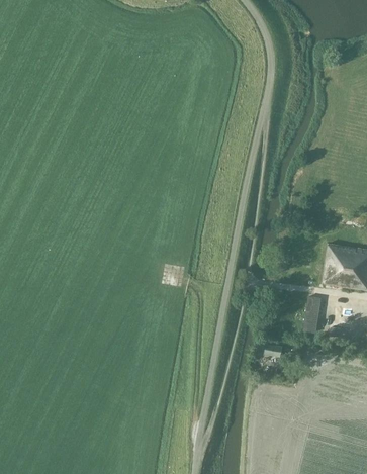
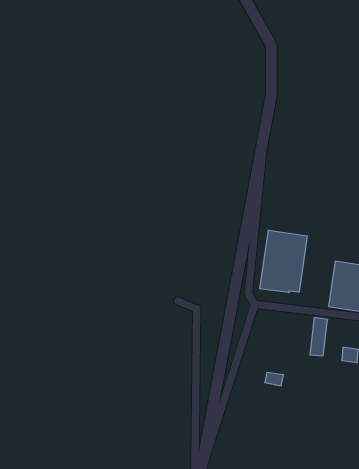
building: none -> [260,230,307,293]

